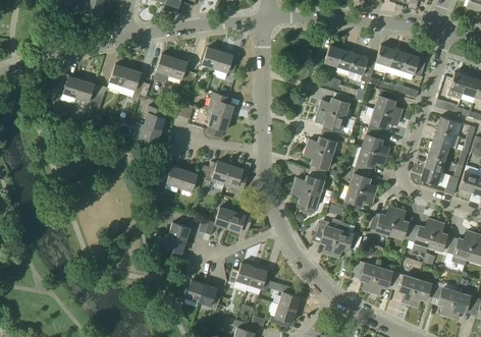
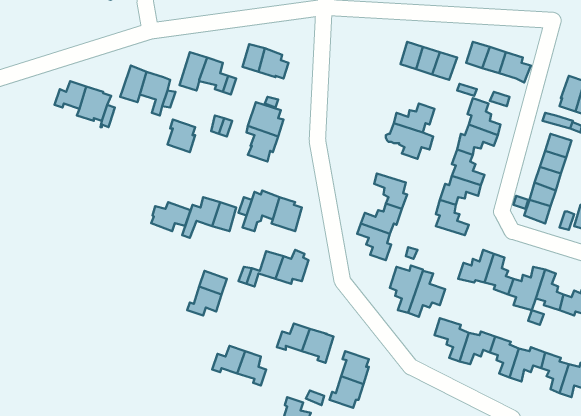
building: [131,124,162,147] -> [151,202,191,231]
building: [307,131,338,154] -> none
building: [343,187,375,210] -> none

